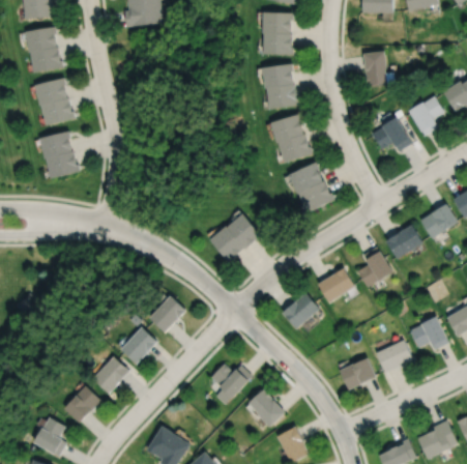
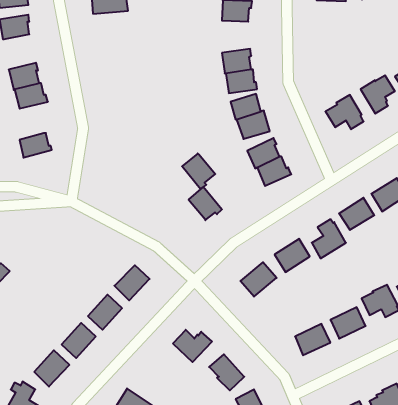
building: [262,35,293,57] -> none
building: [30,50,64,76] -> none
building: [362,53,395,87] -> none
building: [39,133,72,162] -> none
building: [208,224,243,261] -> [182,153,215,189]

